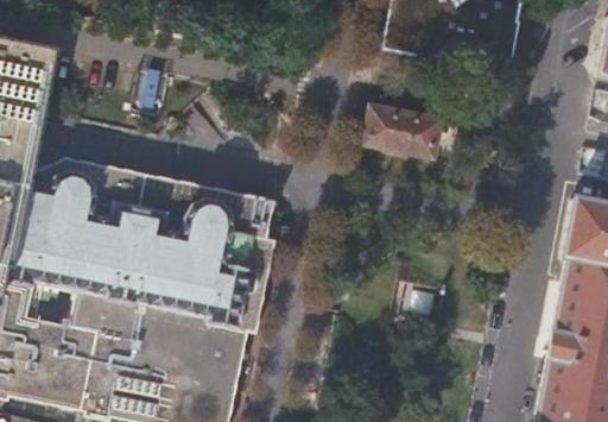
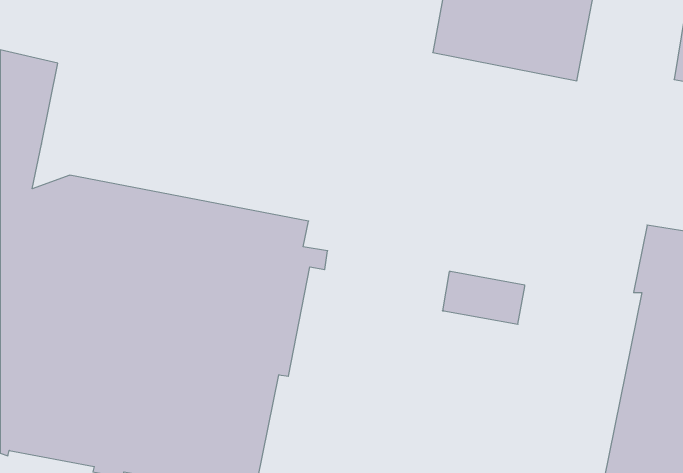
building: [367,111,439,157] -> [442,272,525,324]

